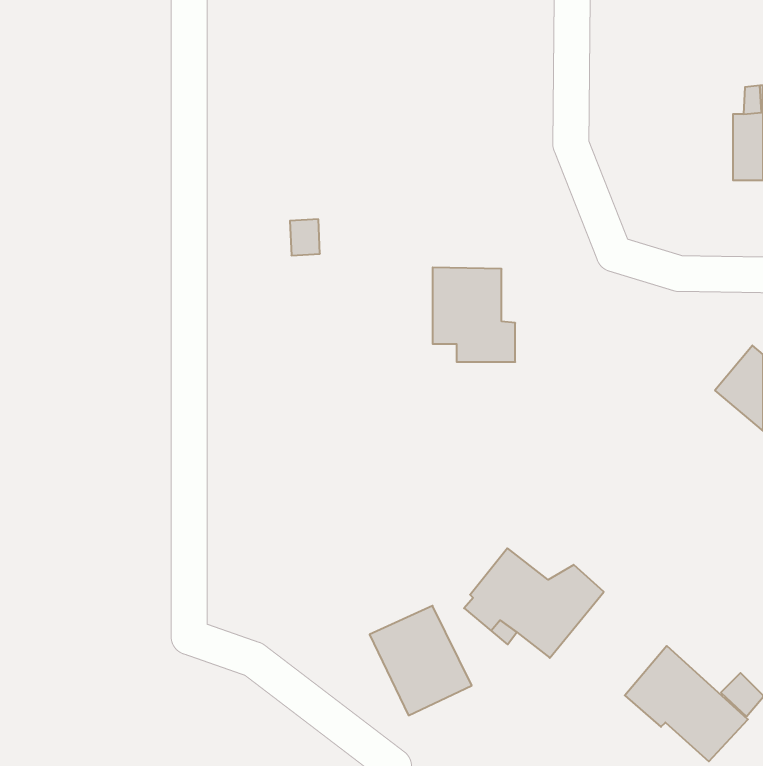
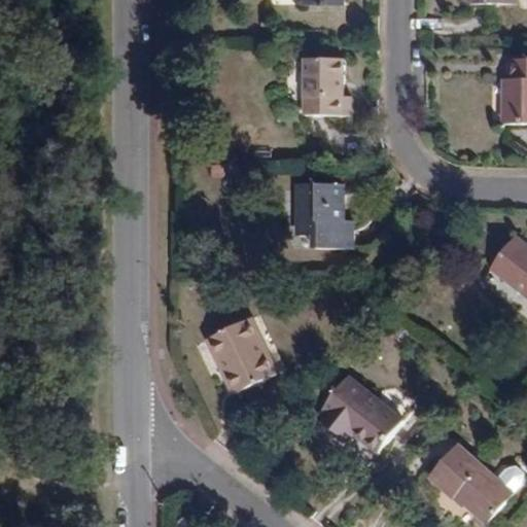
building: none -> [304,57,351,115]
building: [370,606,472,715] -> [207,318,277,393]

